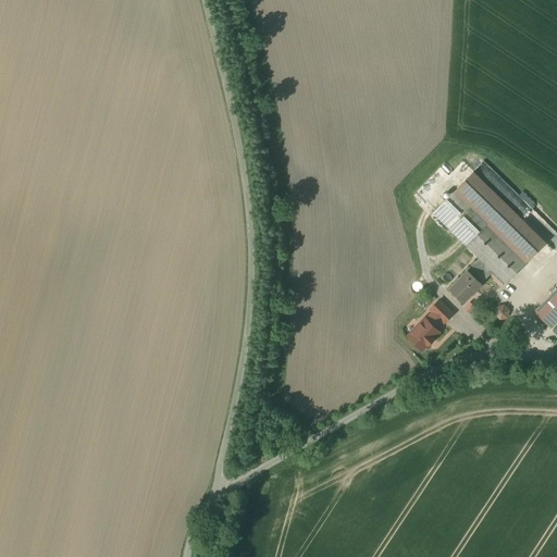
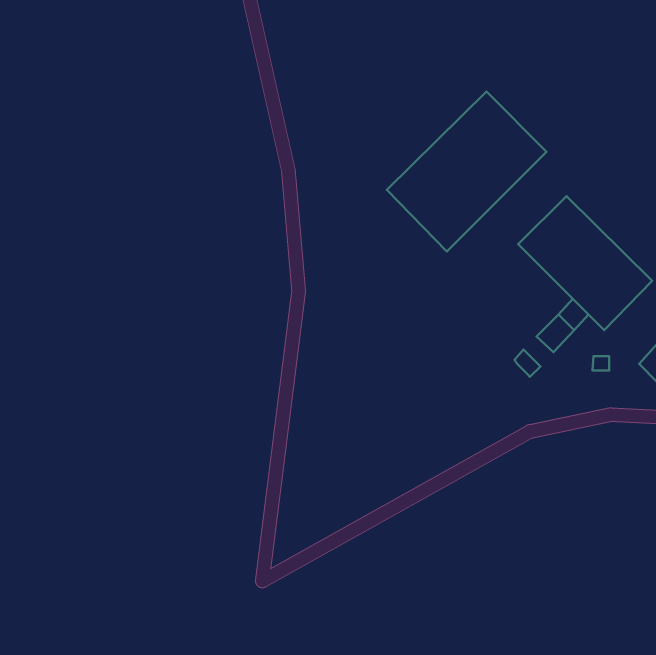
building: none -> [387,92,547,251]
building: [414,305,448,342] -> none

